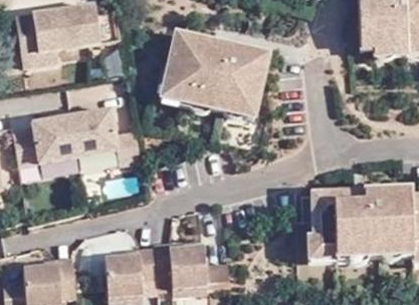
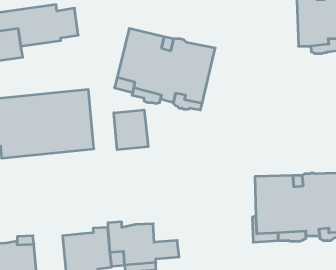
building: none -> [114,110,148,150]

